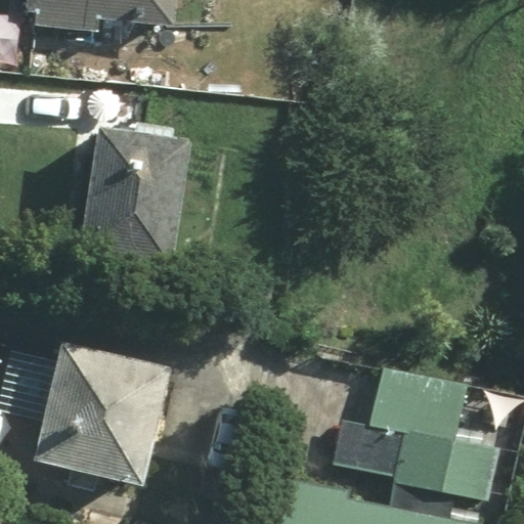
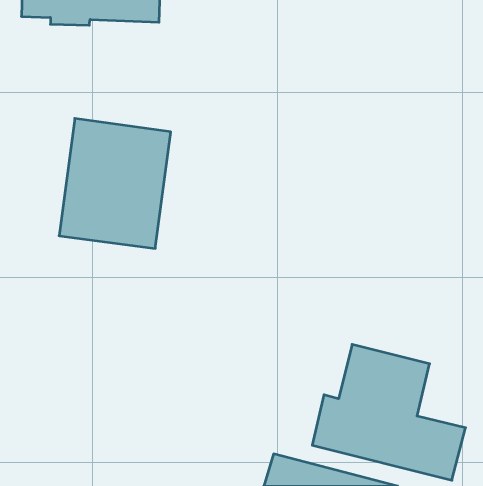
building: [39,343,169,481] -> none

